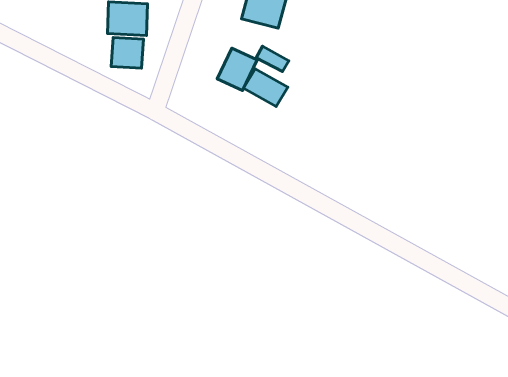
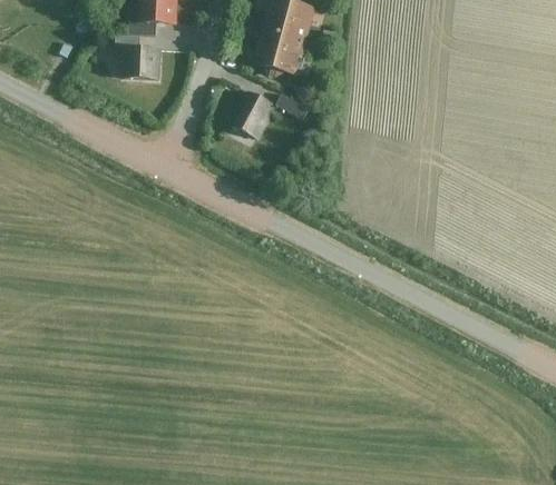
building: [111,38,144,68] -> none
building: [244,69,288,106] -> none

